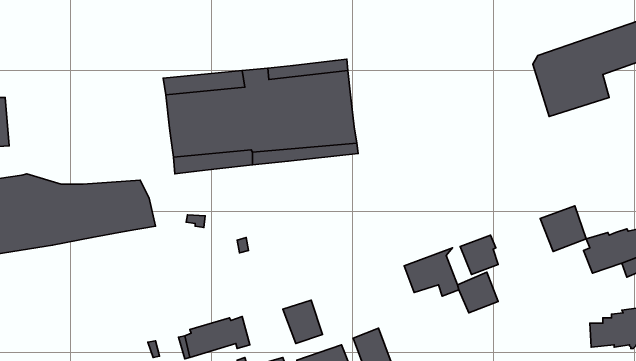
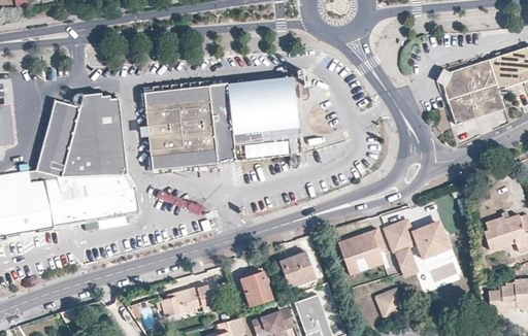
building: none -> [33,88,125,177]
building: [540,206,586,252] -> [412,221,450,258]
building: none -> [279,251,317,287]
building: none -> [377,289,404,315]

